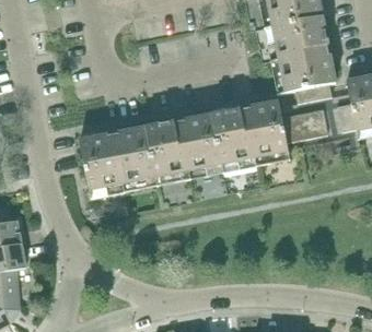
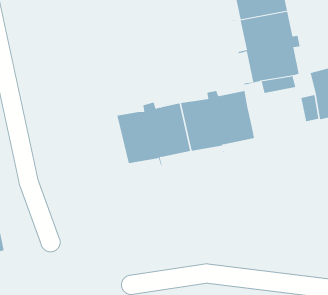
building: [281,109,327,142] -> none
building: [79,124,158,198] -> none

